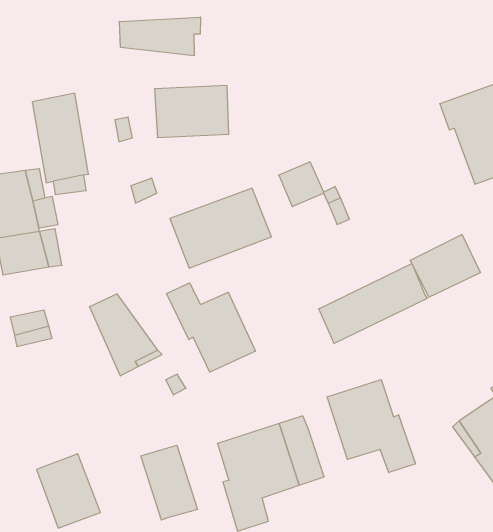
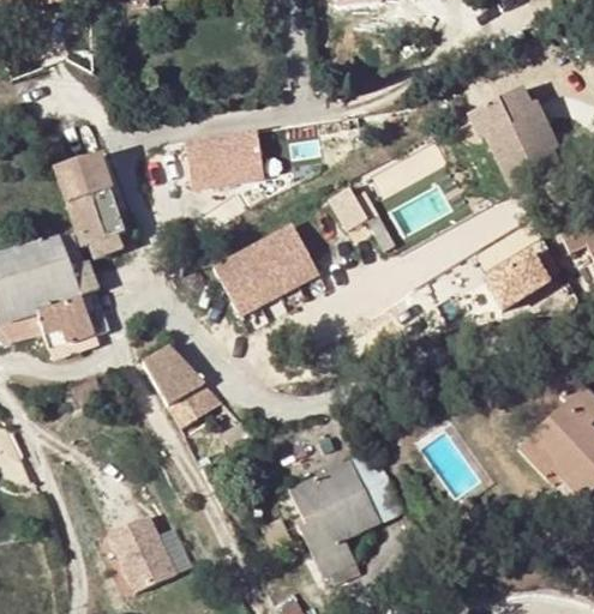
building: [120,17,201,56] -> none
building: [319,264,427,344] -> none
building: [167,283,255,372] -> none
building: [327,380,416,473] -> none
building: [141,445,198,520] -> none

